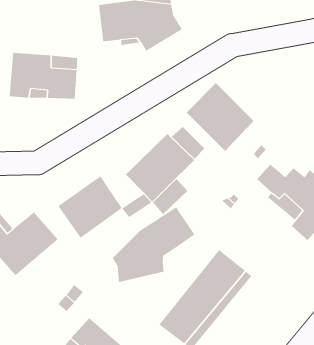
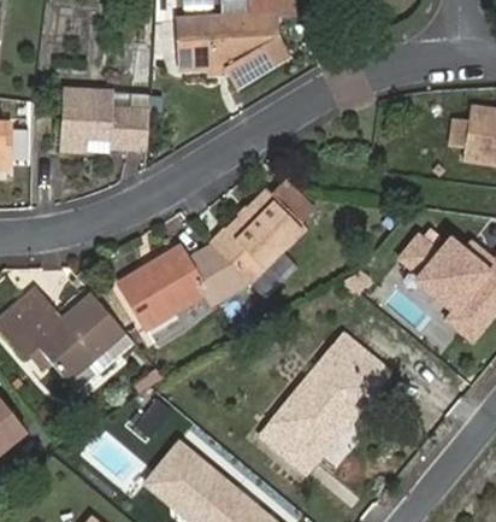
building: [186,82,254,152] -> none
building: none -> [193,246,241,291]
building: [112,206,195,283] -> none

